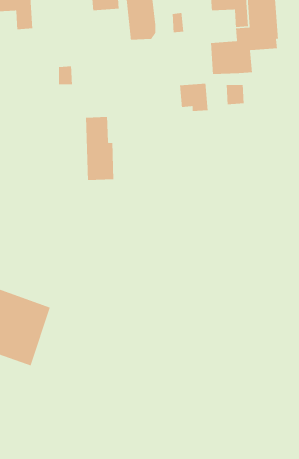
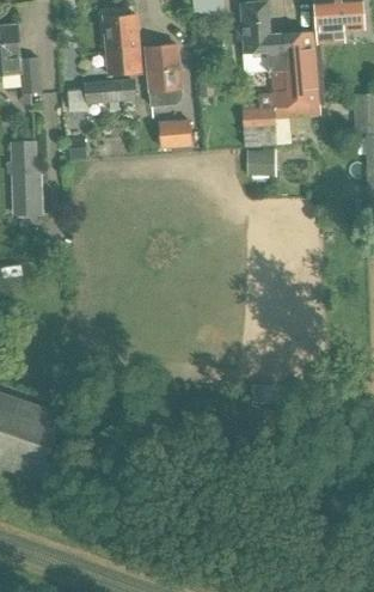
building: none -> [67,78,135,110]
building: [179,83,208,112] -> [157,118,190,152]
building: [85,116,114,181] -> [8,140,42,214]

